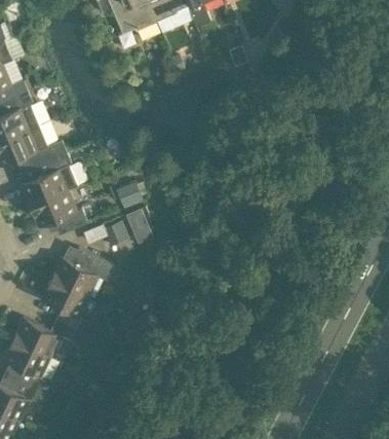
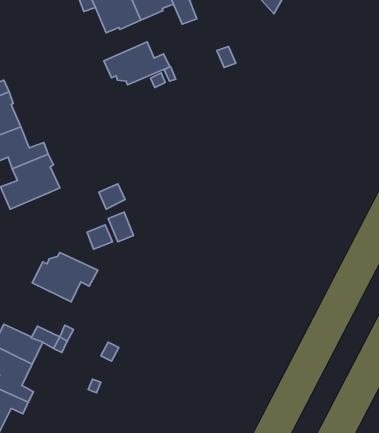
building: none -> [104,42,170,85]
building: [29,189,87,234] -> none
building: [40,278,88,318] -> none

